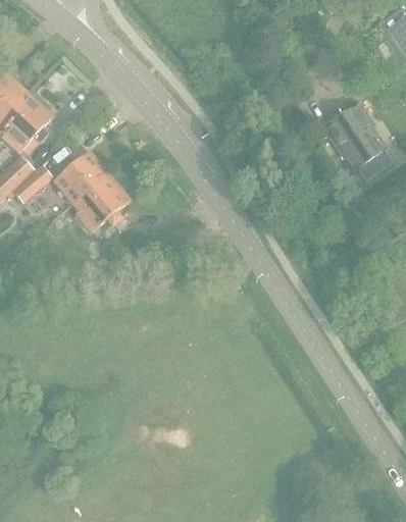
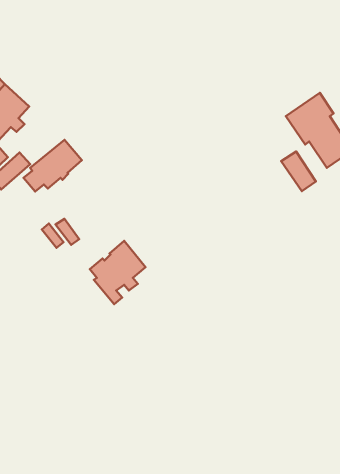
building: none -> [281,151,316,191]
building: [72,171,131,238] -> [90,241,145,304]

